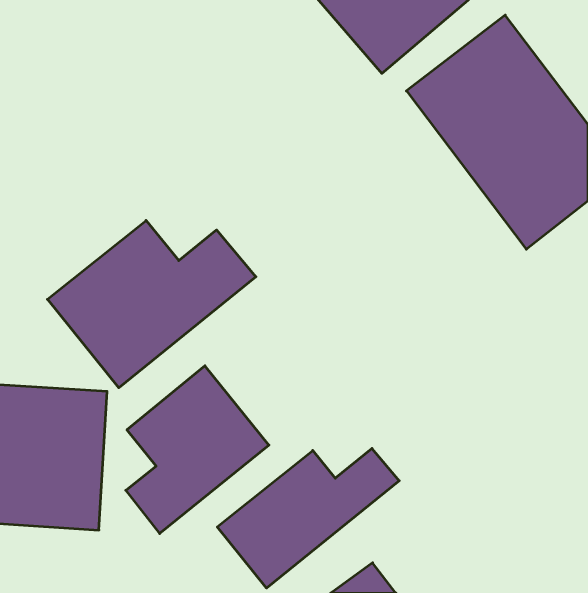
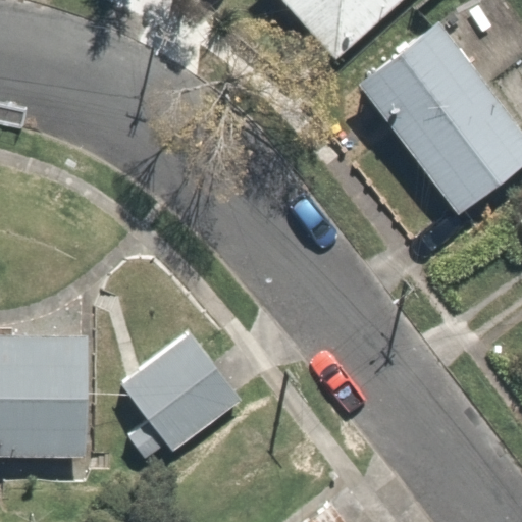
building: [47,220,256,388] -> none
building: [217,448,399,588] -> none

